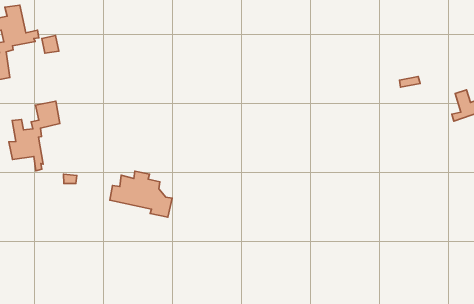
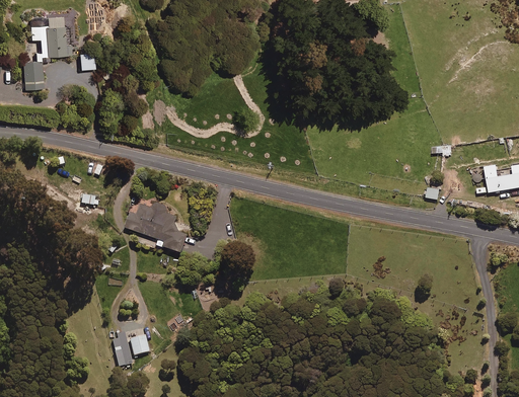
building: [9,101,60,171] -> none

